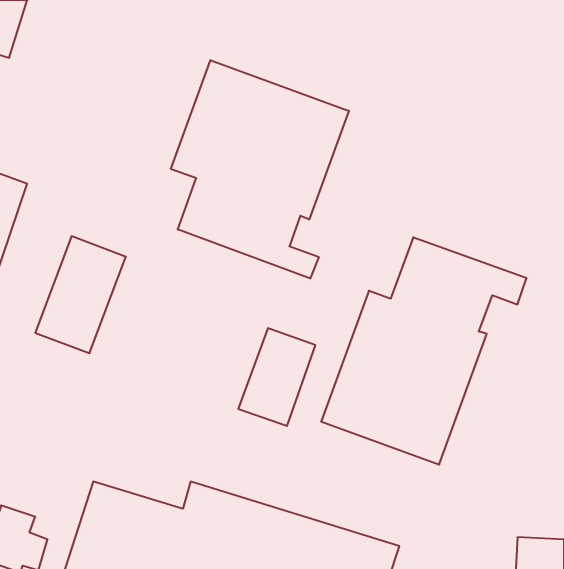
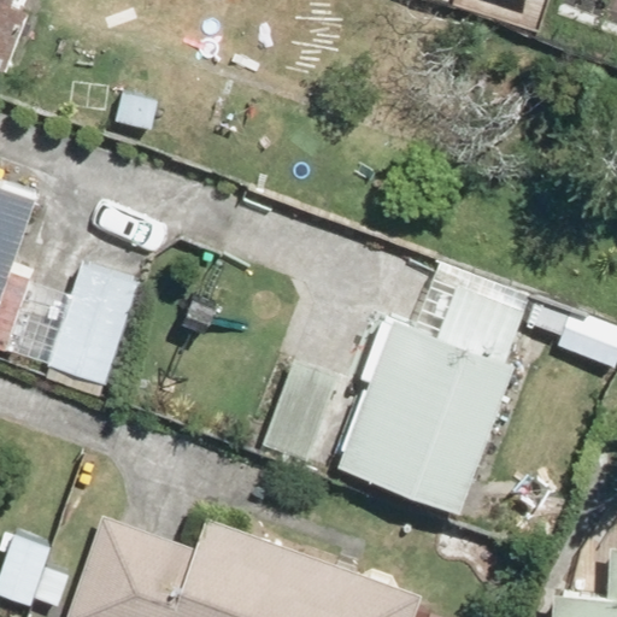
building: [171,60,349,278] -> none

